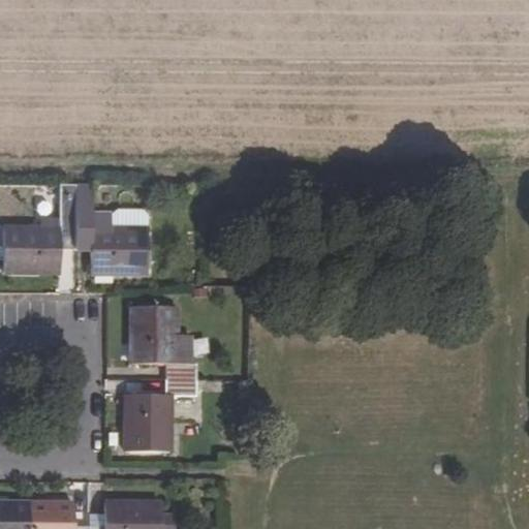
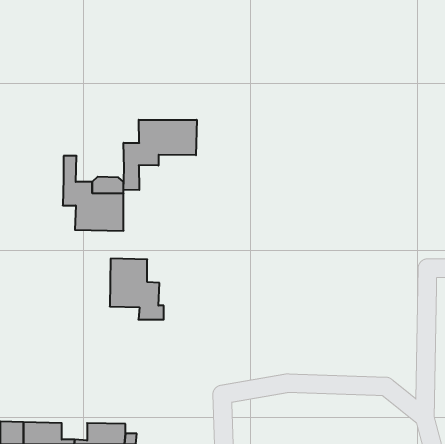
building: none -> [124,120,197,190]
building: [14,212,75,273] -> none
building: [124,379,194,452] -> none

